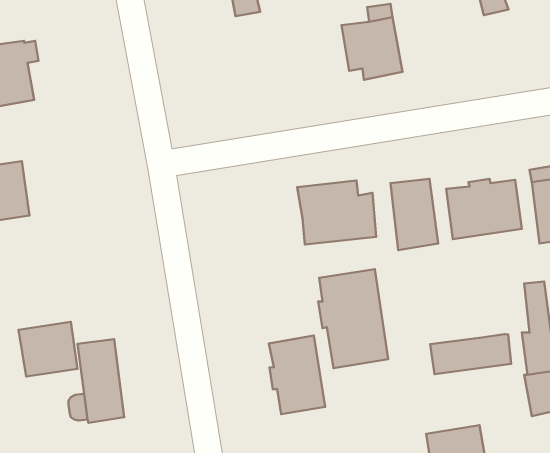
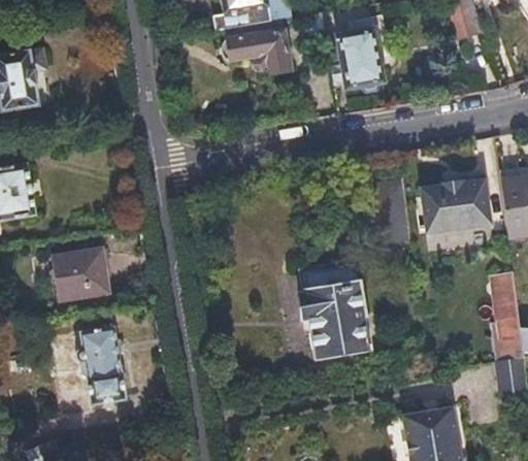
building: none -> [224,20,289,74]
building: [297,180,376,245] -> none
building: [19,322,78,377] -> [53,250,107,300]
building: [430,334,511,374] -> none
building: [269,336,325,414] -> none

